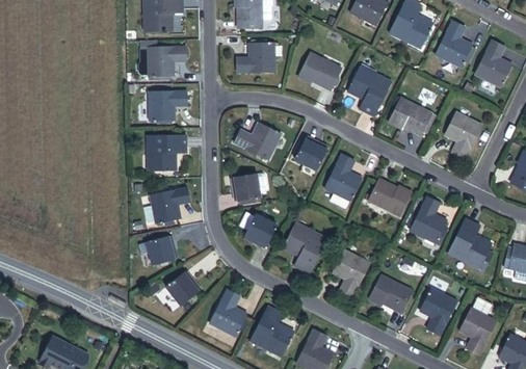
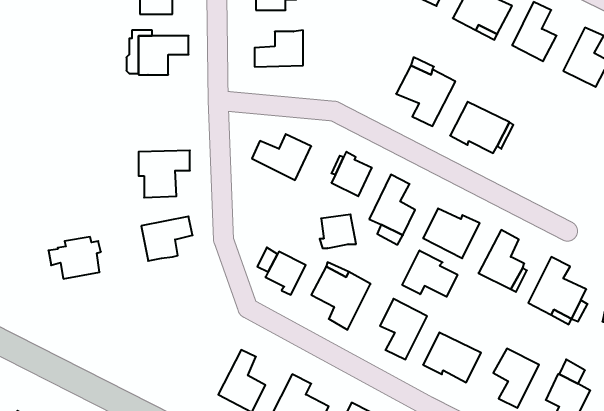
building: [298,53,342,89] -> none
building: [148,91,187,121] -> none
building: [447,112,482,159] -> none
building: [235,174,263,200] -> [320,214,356,248]
building: none -> [402,250,457,297]
building: [138,232,179,264] -> [48,237,101,279]
building: [164,269,198,305] -> none

